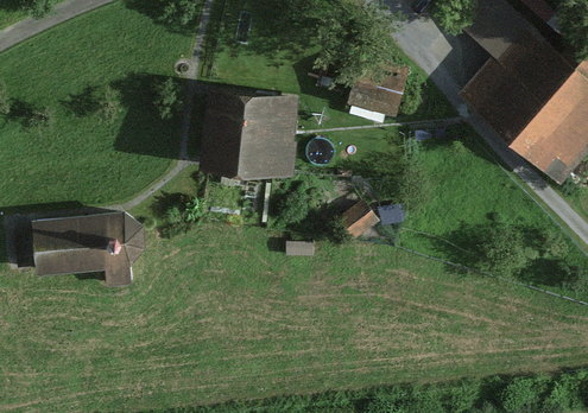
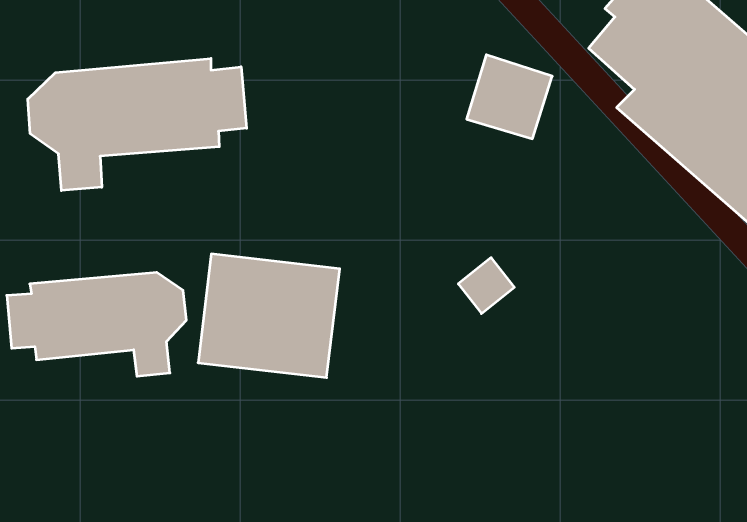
building: none -> [28,58,247,191]
building: [198,90,301,179] -> [198,254,340,378]

